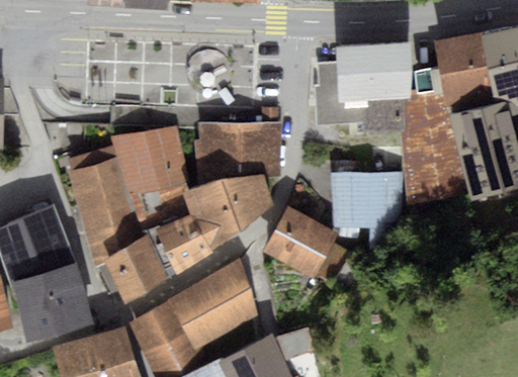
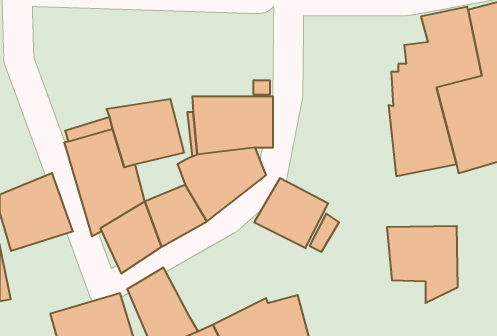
building: [314,42,410,133] -> none
building: [330,172,403,251] -> [387,226,458,303]
building: [140,181,192,231] -> none
building: [169,259,259,351] -> none
building: [12,262,93,342] -> none

